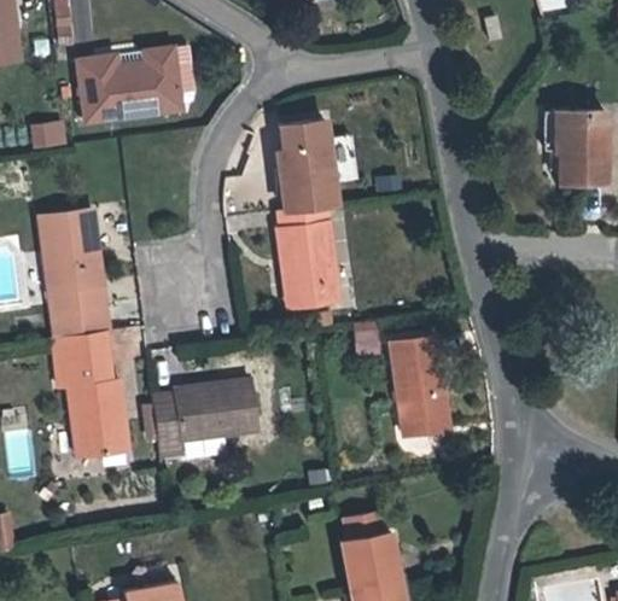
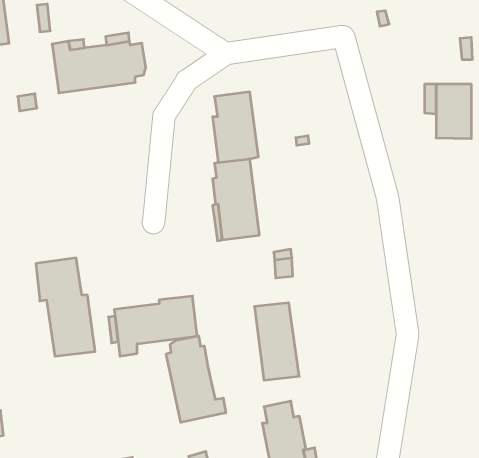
building: [39,210,111,338] -> none
building: [391,337,448,434] -> [254,303,299,380]
building: none -> [166,336,226,422]

